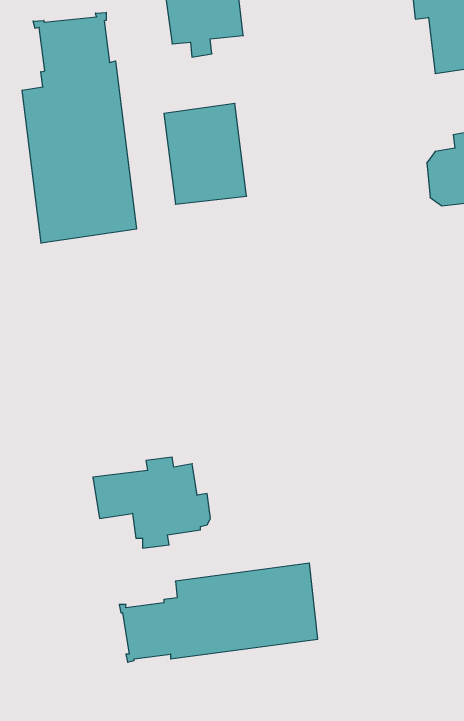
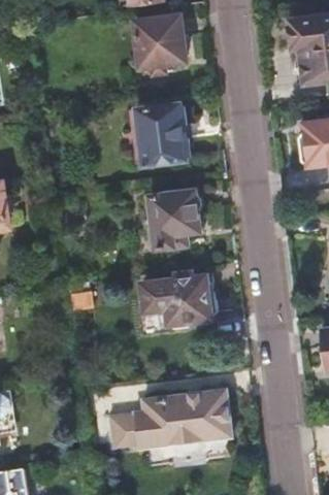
building: [22,12,136,243] -> none
building: none -> [141,189,200,248]
building: [93,457,210,548] -> [141,270,215,327]

